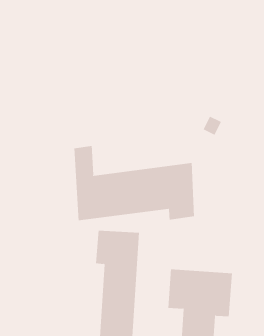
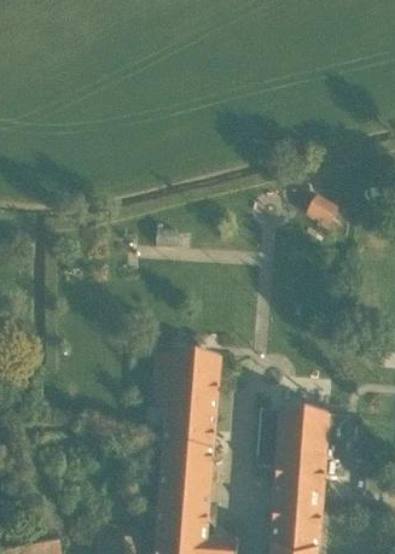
building: [74,145,195,221] -> none

